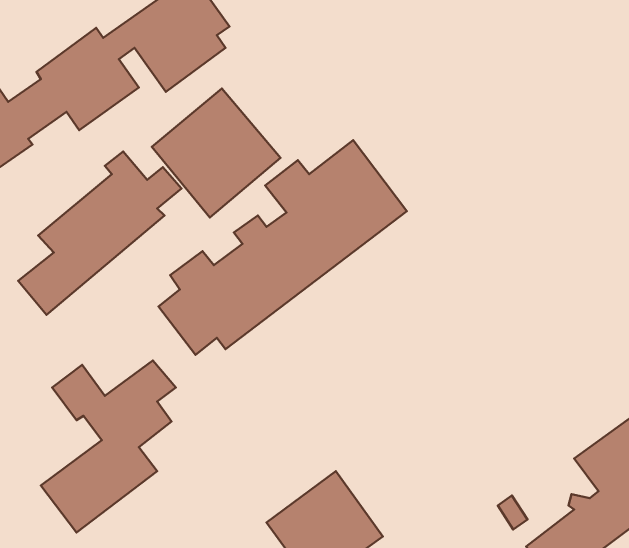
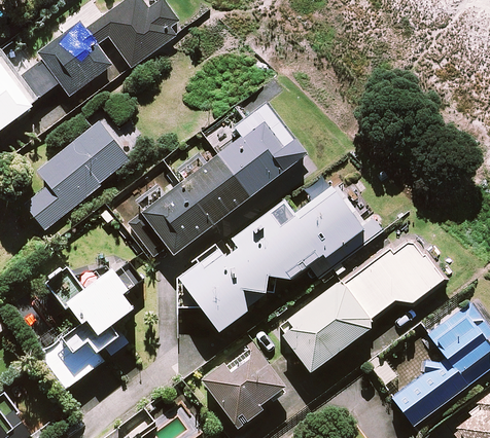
building: [152,89,280,218] -> none
building: none -> [178,171,380,332]
building: none -> [277,235,441,371]

